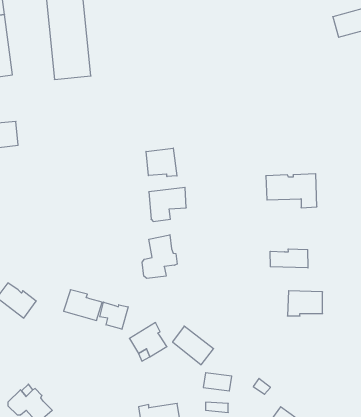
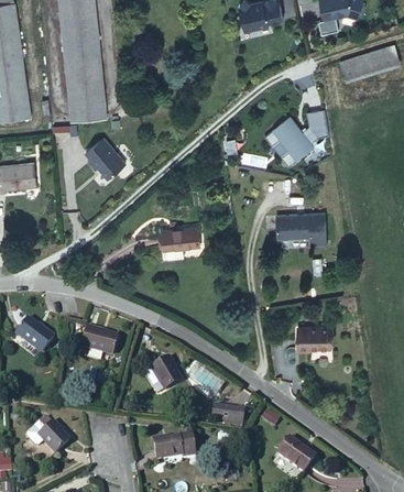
building: none -> [264,108,327,165]
building: none -> [84,136,124,178]
building: [146,148,177,177] -> none
building: [142,235,177,278] -> none
building: [270,249,308,268] -> none
building: [100,302,128,329] -> none

